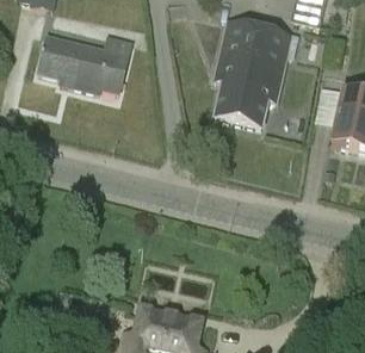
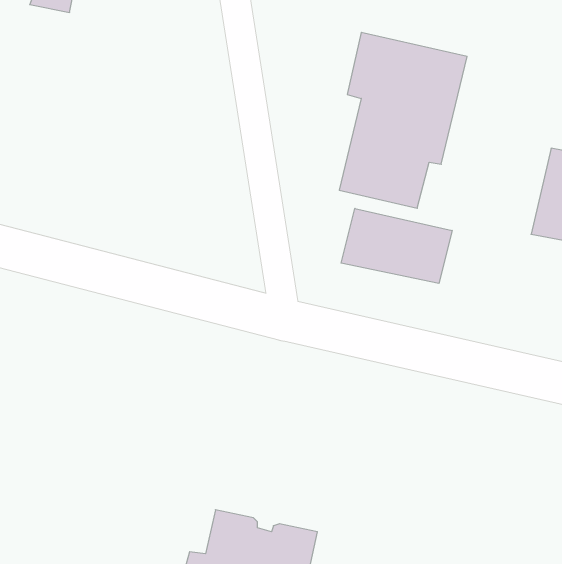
building: [38,35,132,92] -> none
building: none -> [341,208,452,283]

